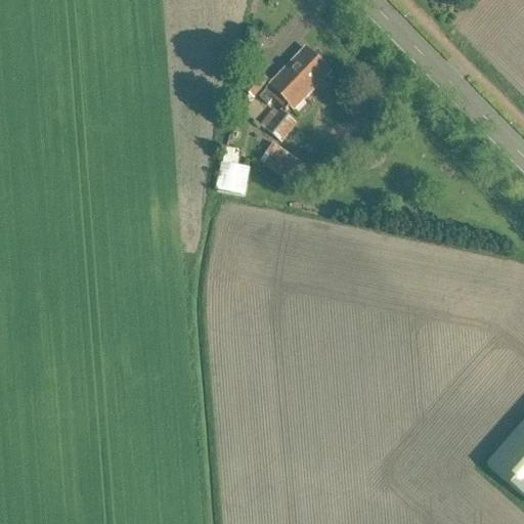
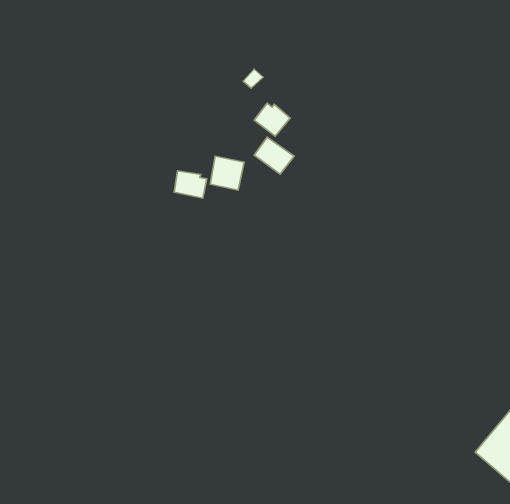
building: [260,48,328,107] -> none
building: none -> [174,171,207,198]

